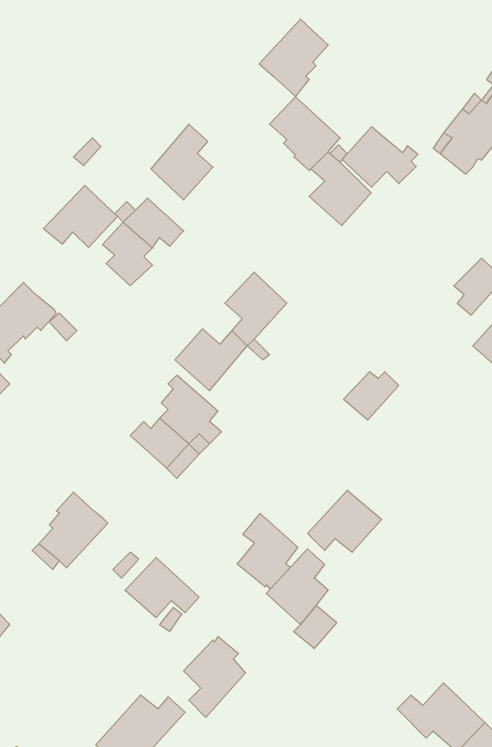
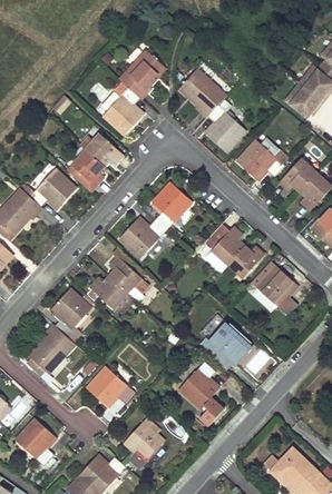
building: [259,19,328,97] -> [119,49,164,99]
building: [342,127,418,187] -> [237,139,286,178]
building: [44,186,118,247] -> [29,168,77,208]
building: none -> [281,158,318,190]
building: none -> [198,226,245,271]
building: none -> [245,260,297,314]
building: none -> [51,288,92,340]
building: [237,513,298,589] -> none
building: none -> [16,417,56,464]

